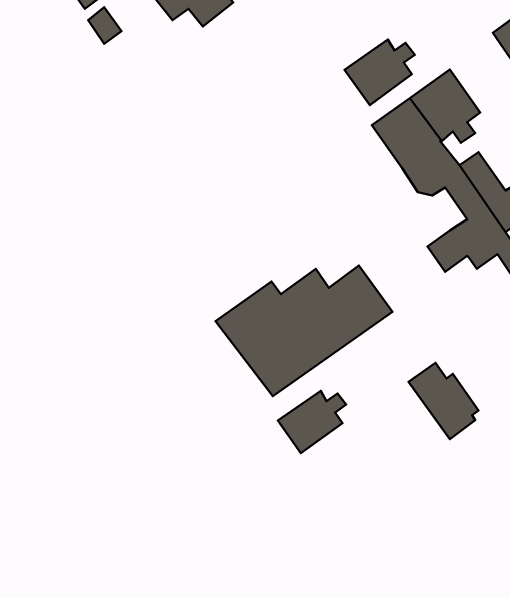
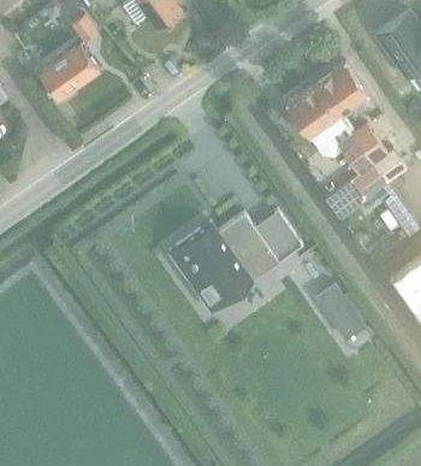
building: [344,39,415,105] -> none
building: none -> [40,47,99,105]
building: [278,391,346,453] -> none

